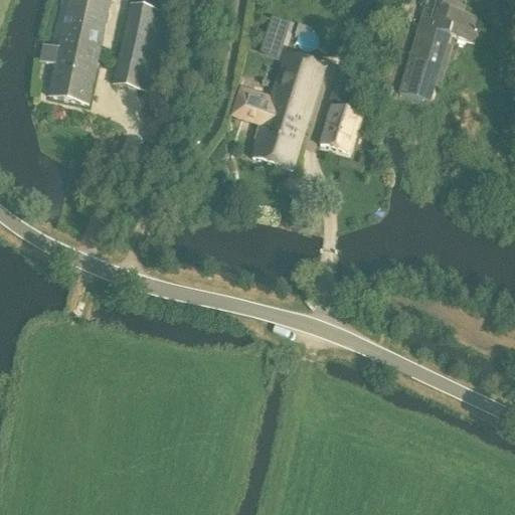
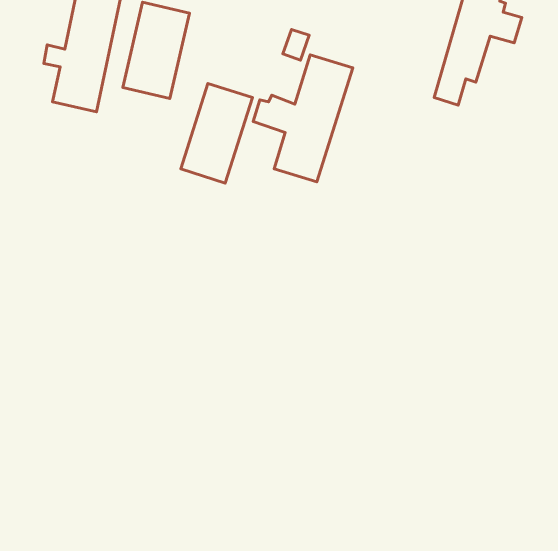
building: none -> [181,83,252,183]
building: [320,104,359,150] -> none

